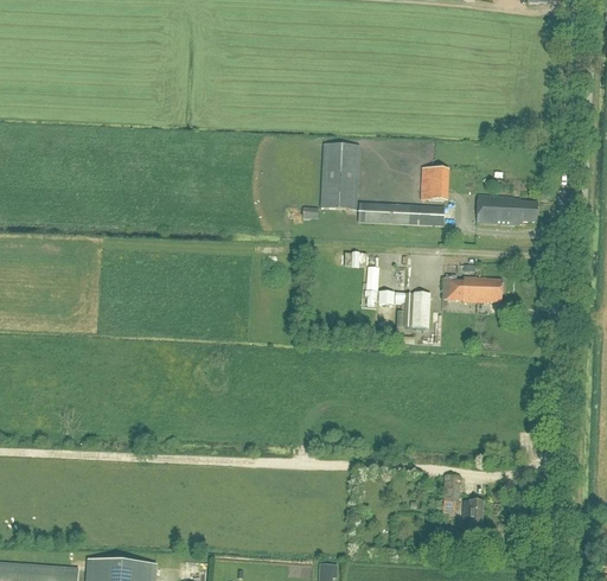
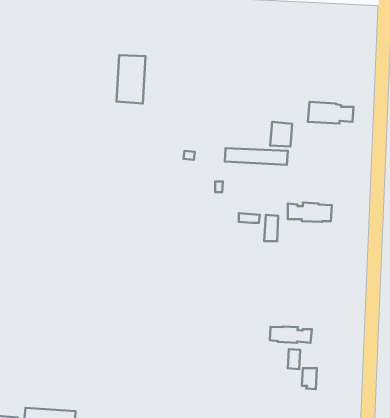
building: [320,143,359,209] -> [117,55,146,103]
building: [475,194,537,224] -> [308,102,353,124]
building: none -> [270,326,312,343]

